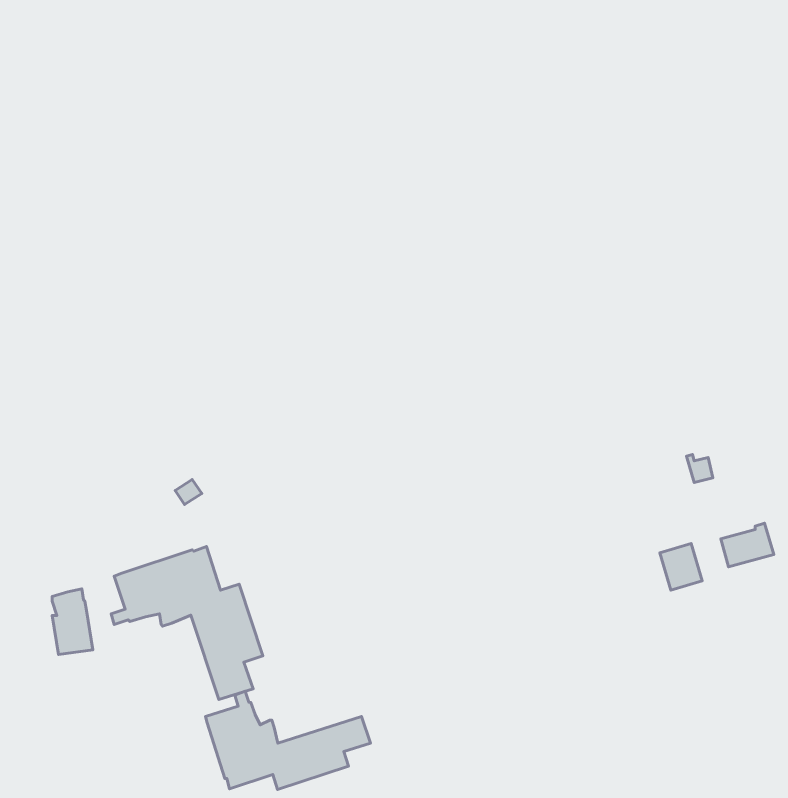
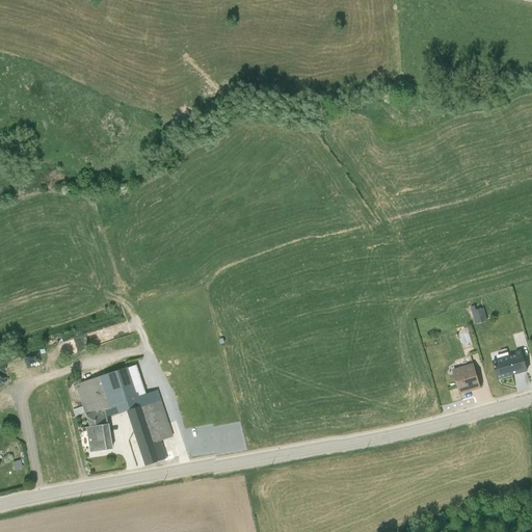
building: [52,589,93,654] -> [86,408,113,452]
building: [206,691,370,789] -> none

